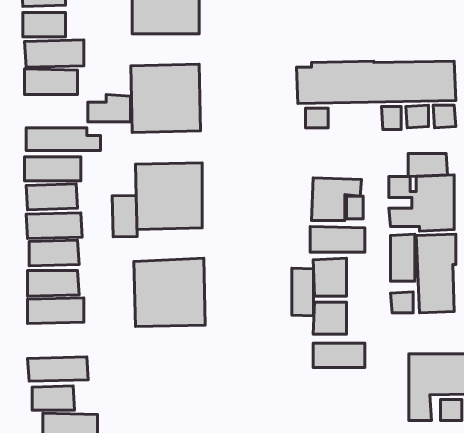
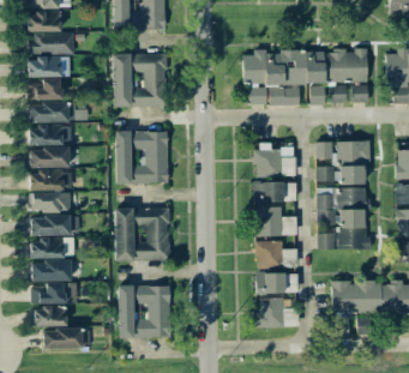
building: [88,95,130,122] -> [28,78,61,100]
building: [408,154,448,176] -> [269,88,300,106]
building: [112,195,137,237] -> none
building: [292,268,313,316] -> none
building: none -> [30,261,71,281]
building: none -> [118,284,172,338]
building: none -> [257,297,297,327]

